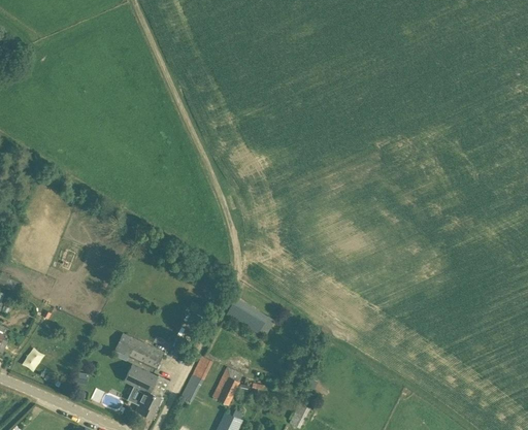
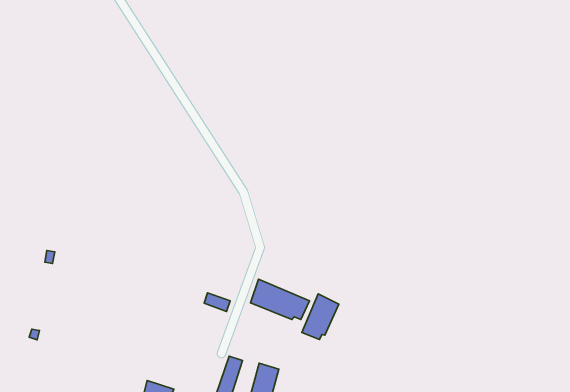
building: none -> [302,294,339,340]
building: [113,333,163,370] -> none

